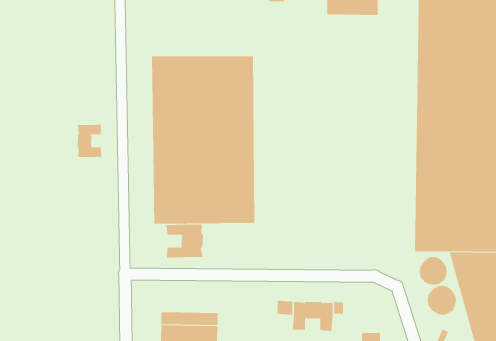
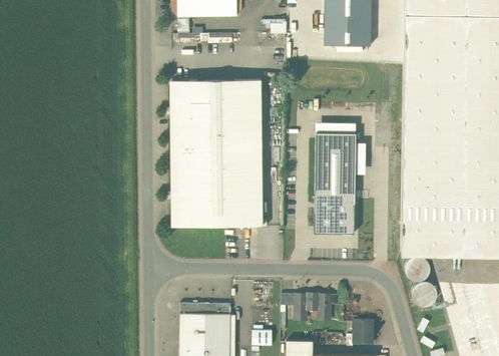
building: none -> [315,124,366,234]
building: [77,124,102,158] -> none
building: [166,224,204,259] -> none

